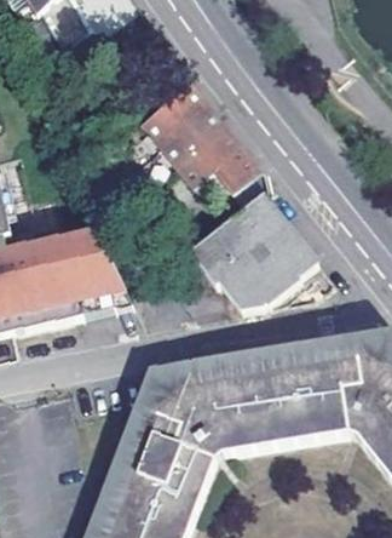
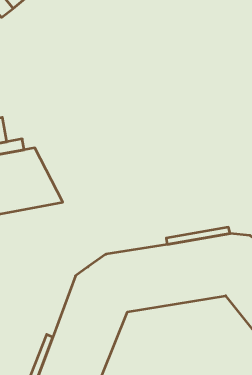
building: [131,76,252,189] -> none
building: [181,189,309,308] -> none

